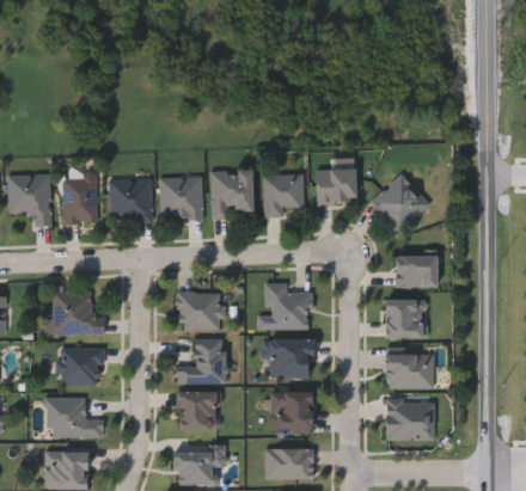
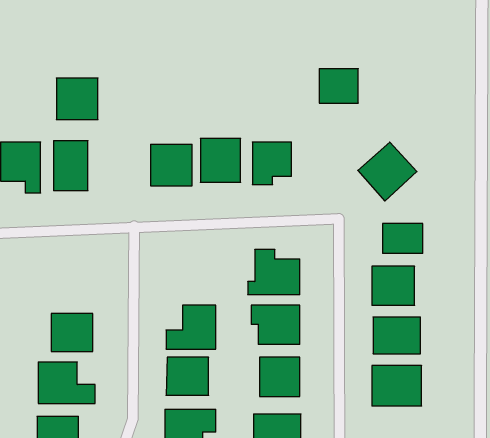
building: [316,170,355,204] -> [319,69,358,103]
building: [110,179,152,221] -> [56,78,98,120]
building: [54,291,105,336] -> none
building: [178,291,222,329] -> none

